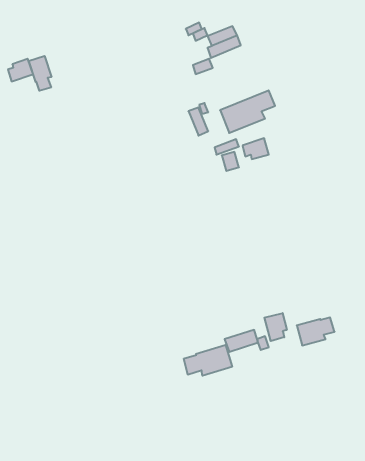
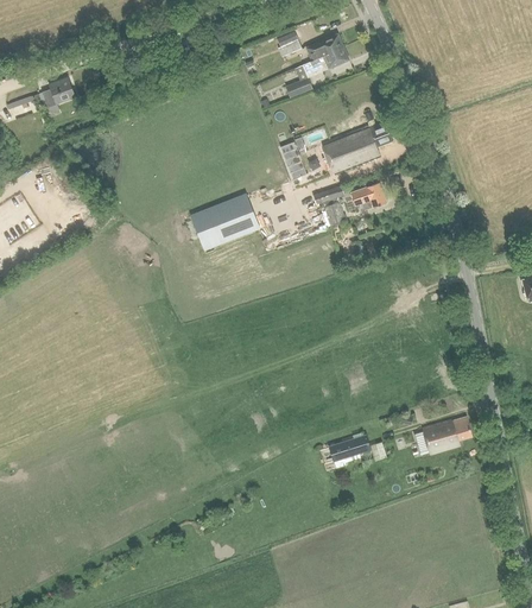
building: [29,56,51,91] -> none
building: none -> [192,195,255,247]
building: [264,313,287,341] -> none
building: [184,345,232,376] -> none

